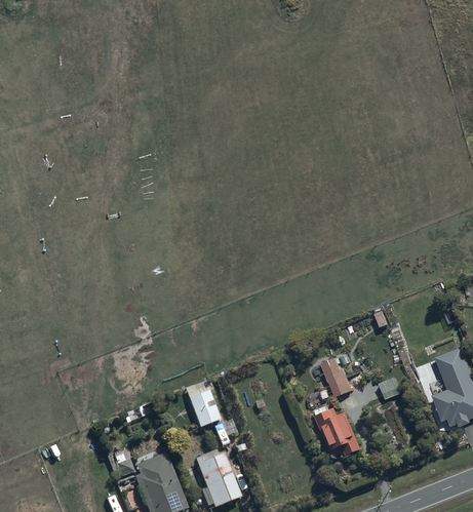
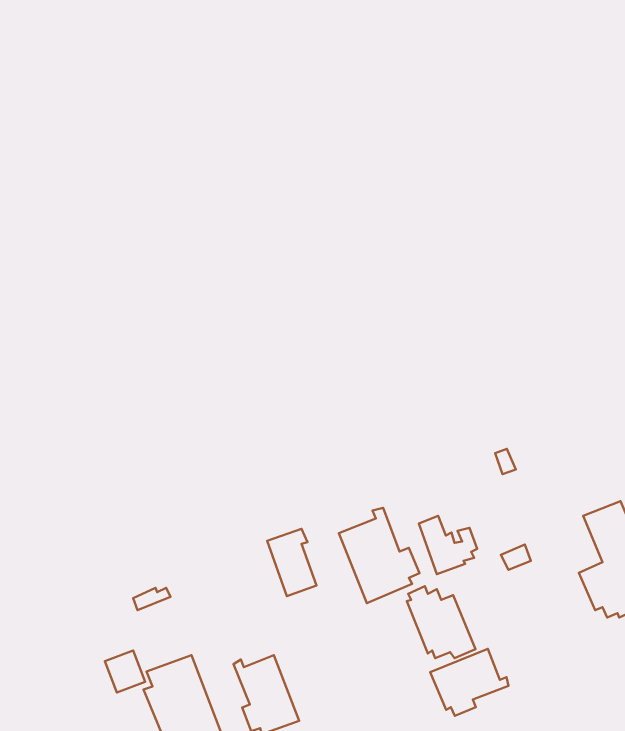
building: none -> [339,508,419,603]
building: [186,380,220,426] -> [267,529,317,596]
building: none -> [430,649,509,716]

